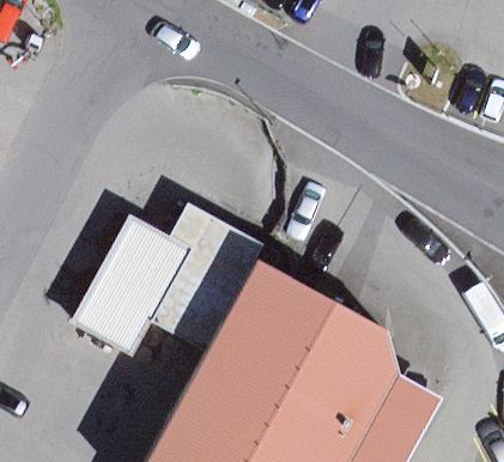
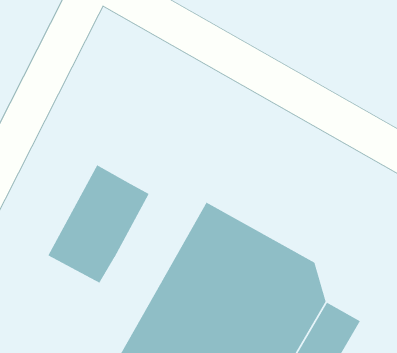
building: [151,205,263,354] -> none

